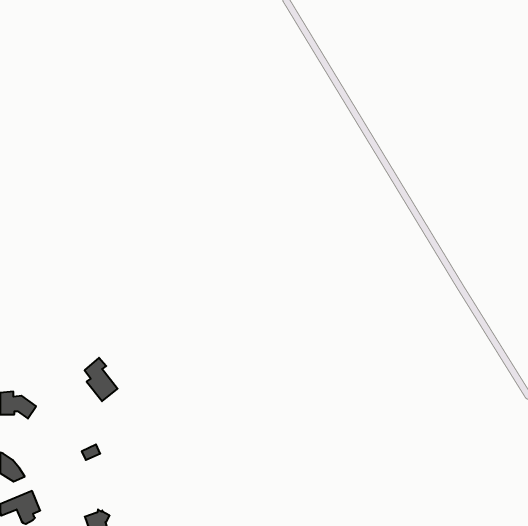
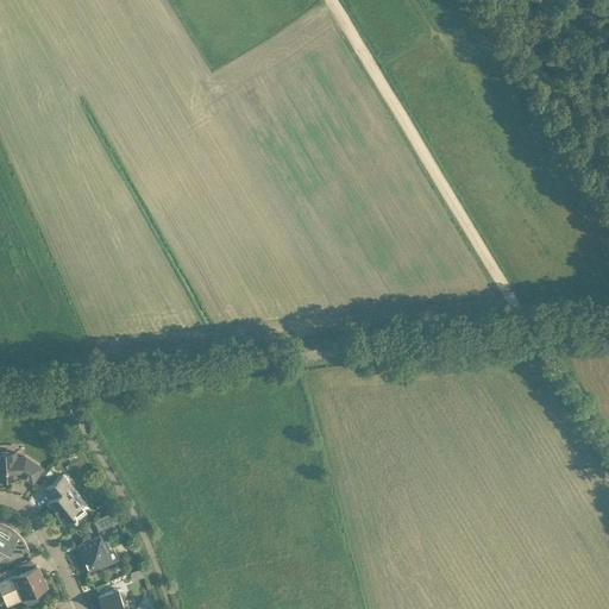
building: [85,358,118,401] -> [45,476,83,526]
building: none -> [77,535,111,573]

